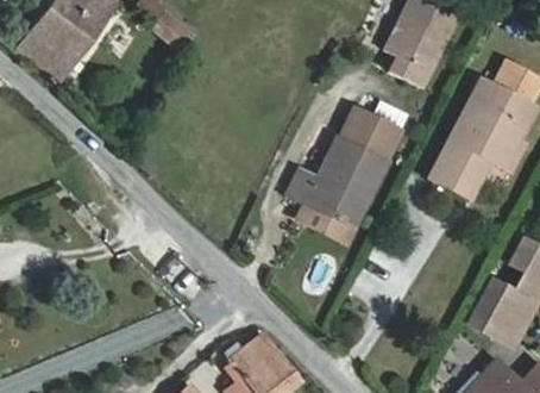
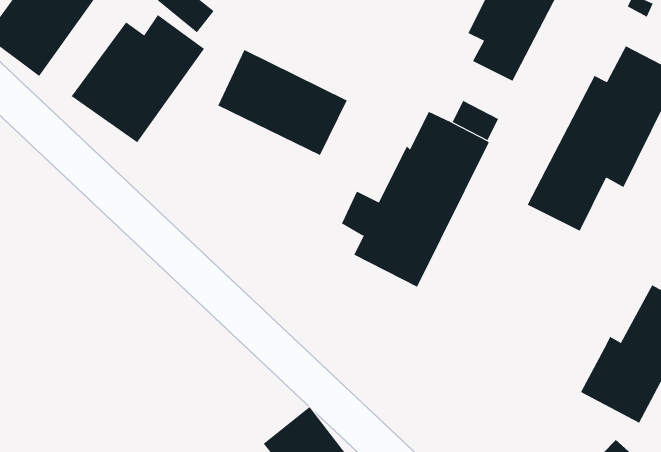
building: none -> [71,14,205,143]
building: none -> [217,49,348,156]

